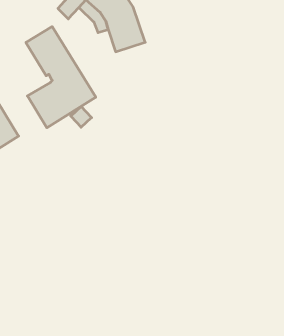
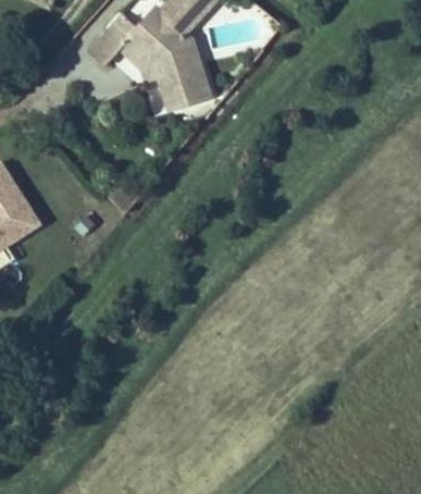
building: [26,27,96,128] -> none

